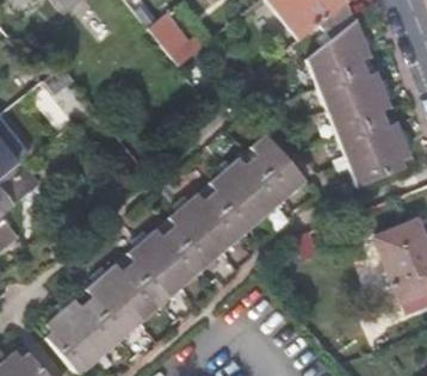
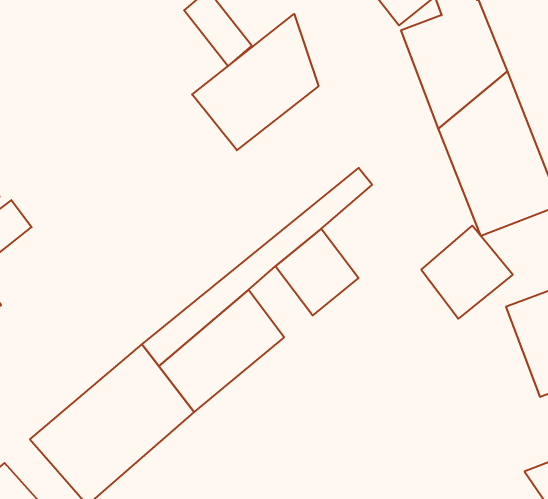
building: none -> [192,14,319,150]
building: [246,149,310,215] -> [421,226,513,319]
building: [194,207,240,257] -> none

